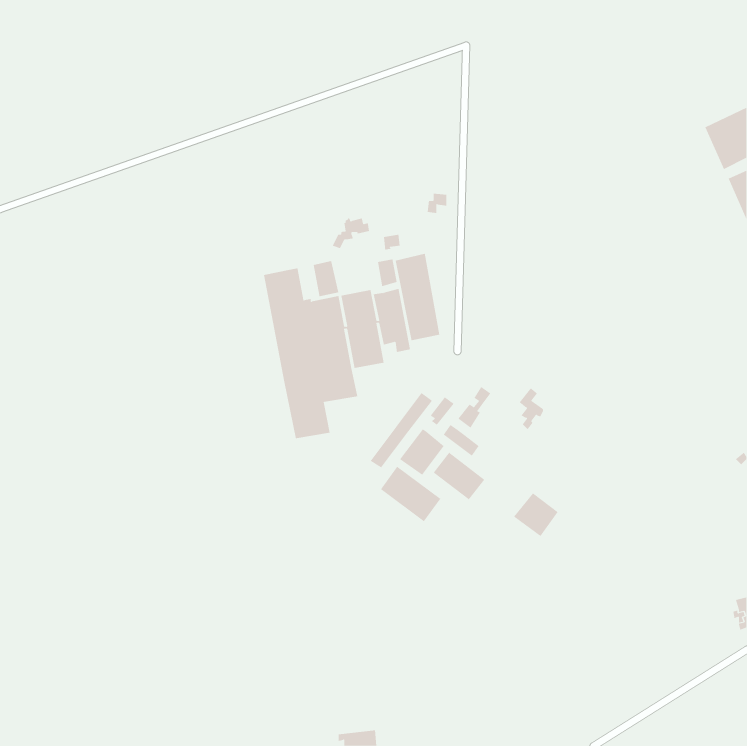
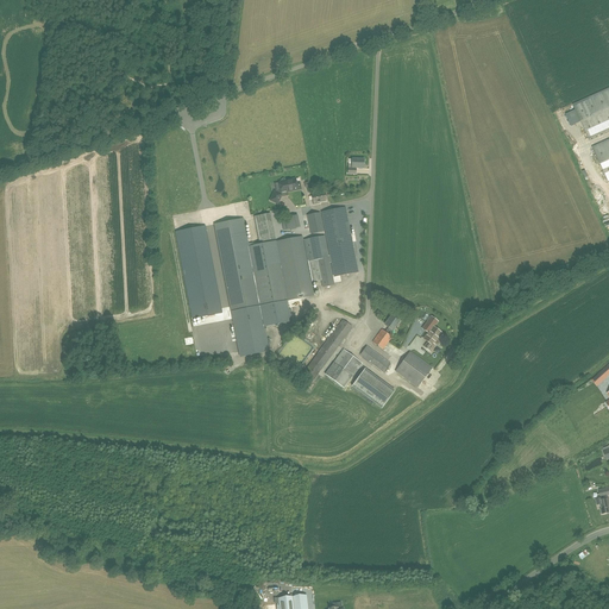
building: none -> [176,225,222,318]
building: [380,466,441,522] -> none
building: [513,493,559,537] -> [395,351,432,387]

